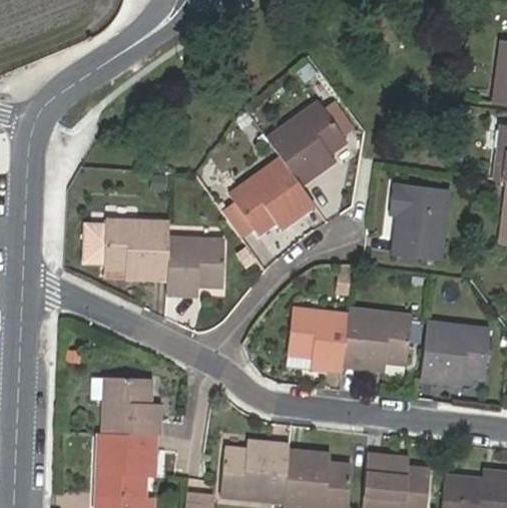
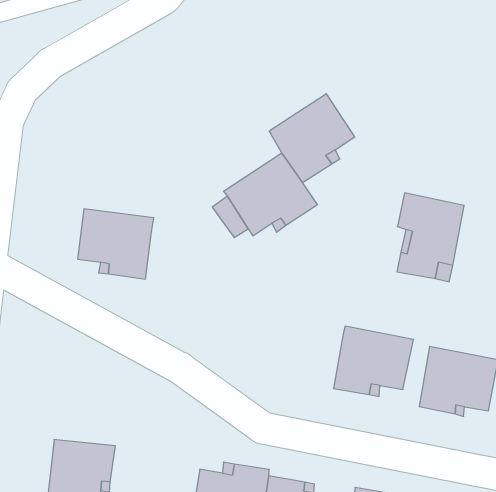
building: [83,224,105,264] -> none
building: [165,237,223,297] -> none
building: [285,309,350,371] -> none
building: [100,377,155,435] -> none

